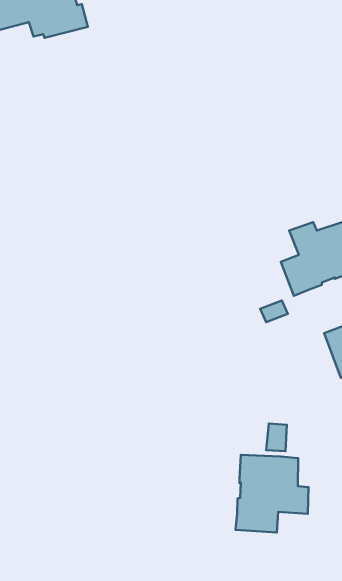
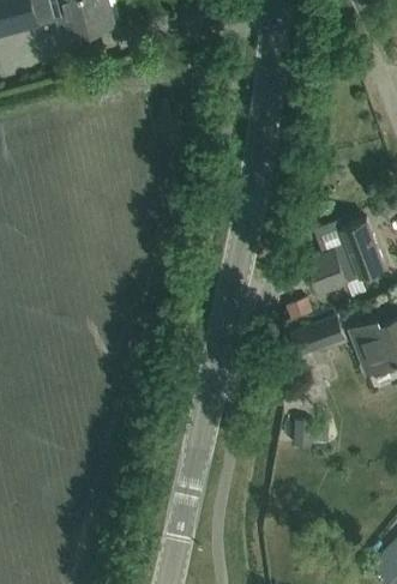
building: none -> [290,317,344,357]
building: [236,455,308,532] -> none

